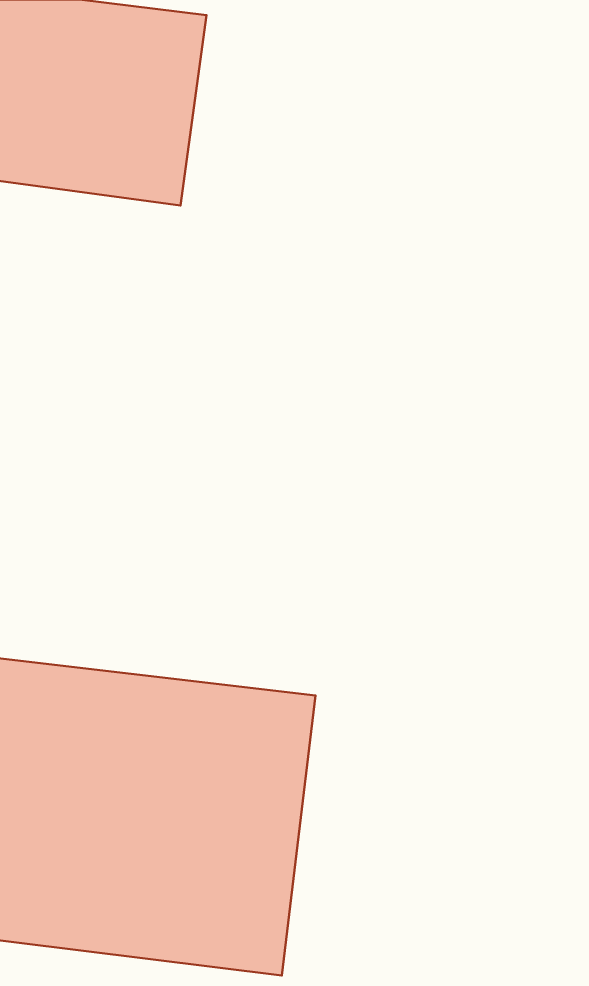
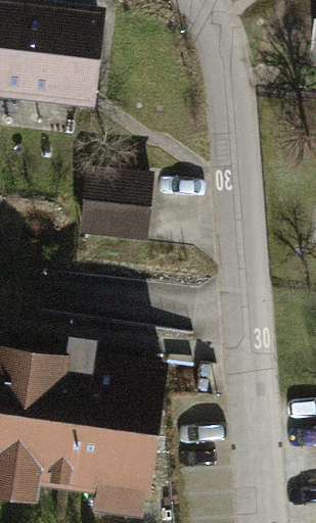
building: none -> [77,168,154,243]

